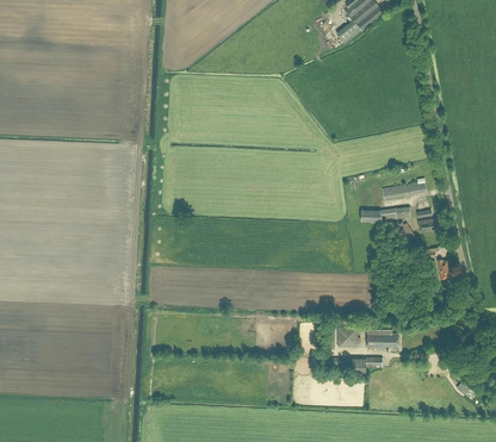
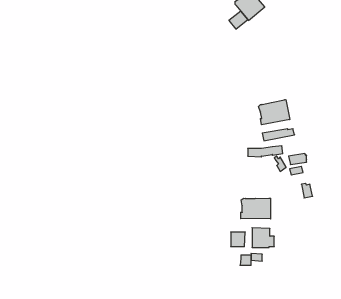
building: none -> [259,100,290,125]
building: none -> [241,198,271,219]

